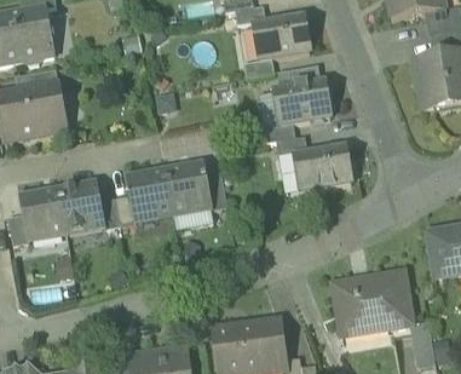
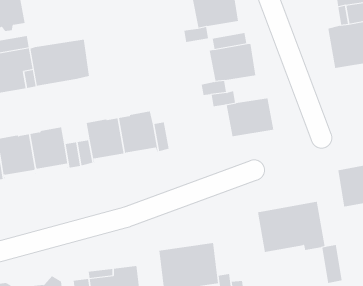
building: none -> [30,39,89,86]

